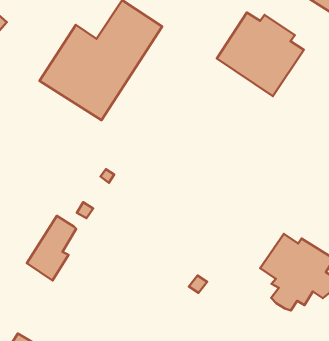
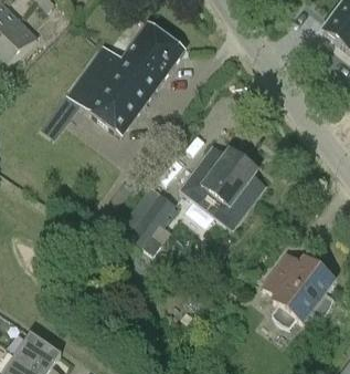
building: [217,12,304,96] -> [182,146,265,227]
building: [27,216,76,280] -> [130,193,179,253]

